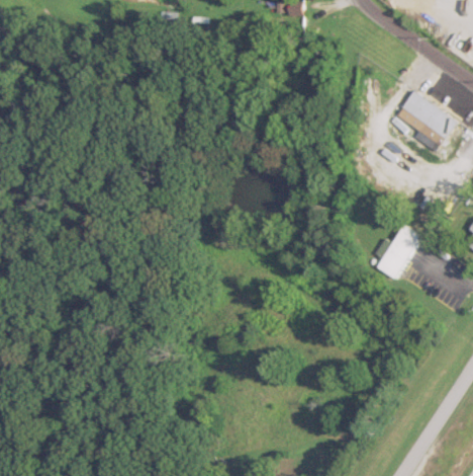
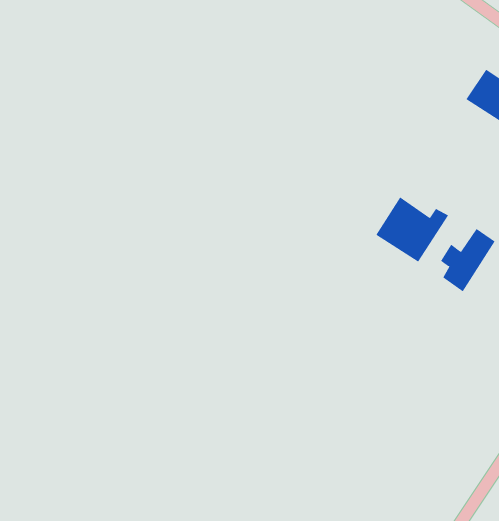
building: none -> [376,197,449,263]

